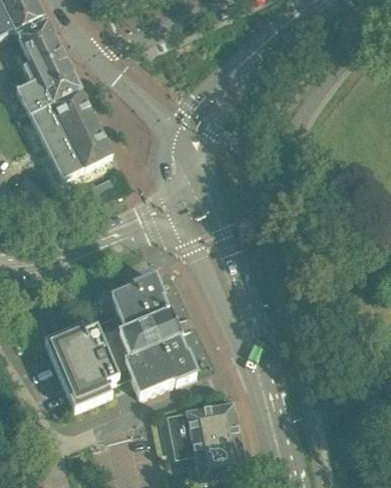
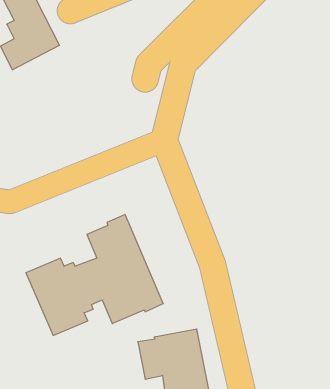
building: [28,85,112,177] -> none

